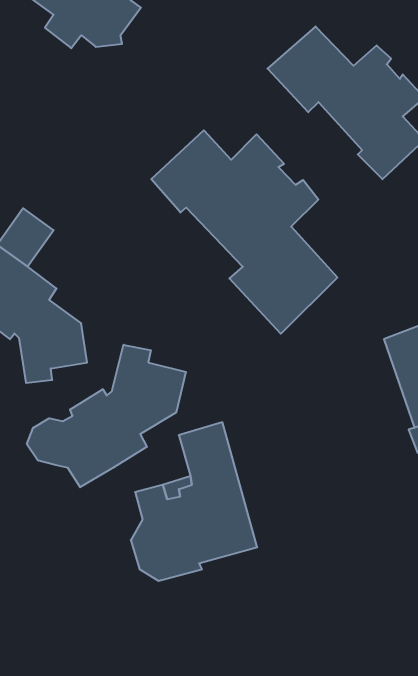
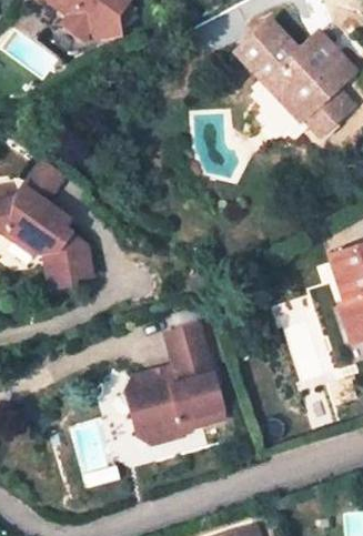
building: [151,130,337,334] -> none
building: [27,345,186,487] -> none

